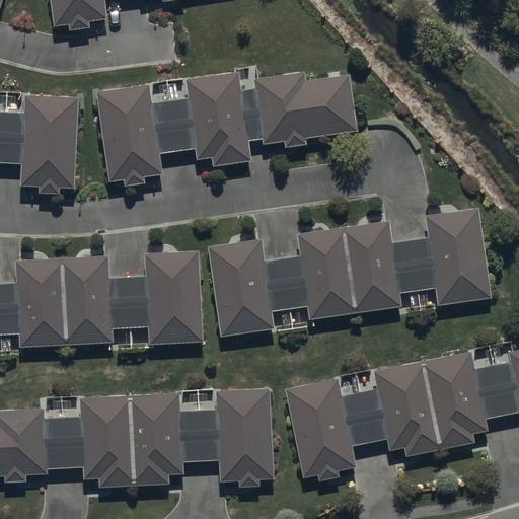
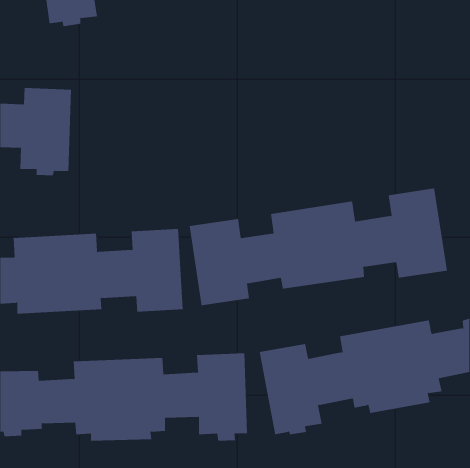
building: [95,72,358,184] -> none

